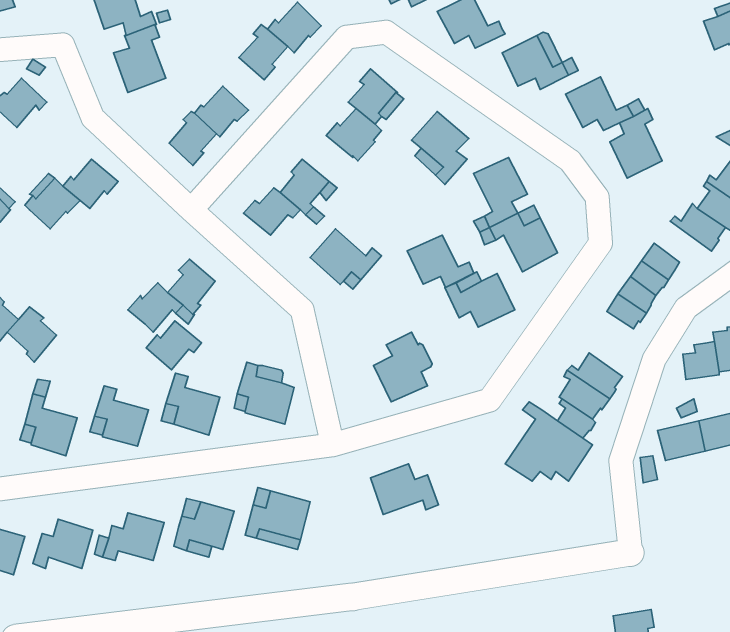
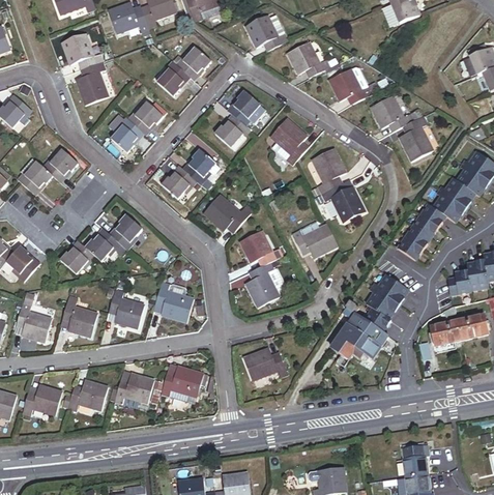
building: none -> [432,190,465,223]
building: [407,235,474,287] -> [238,231,282,265]
building: [146,321,202,370] -> [59,242,95,274]

